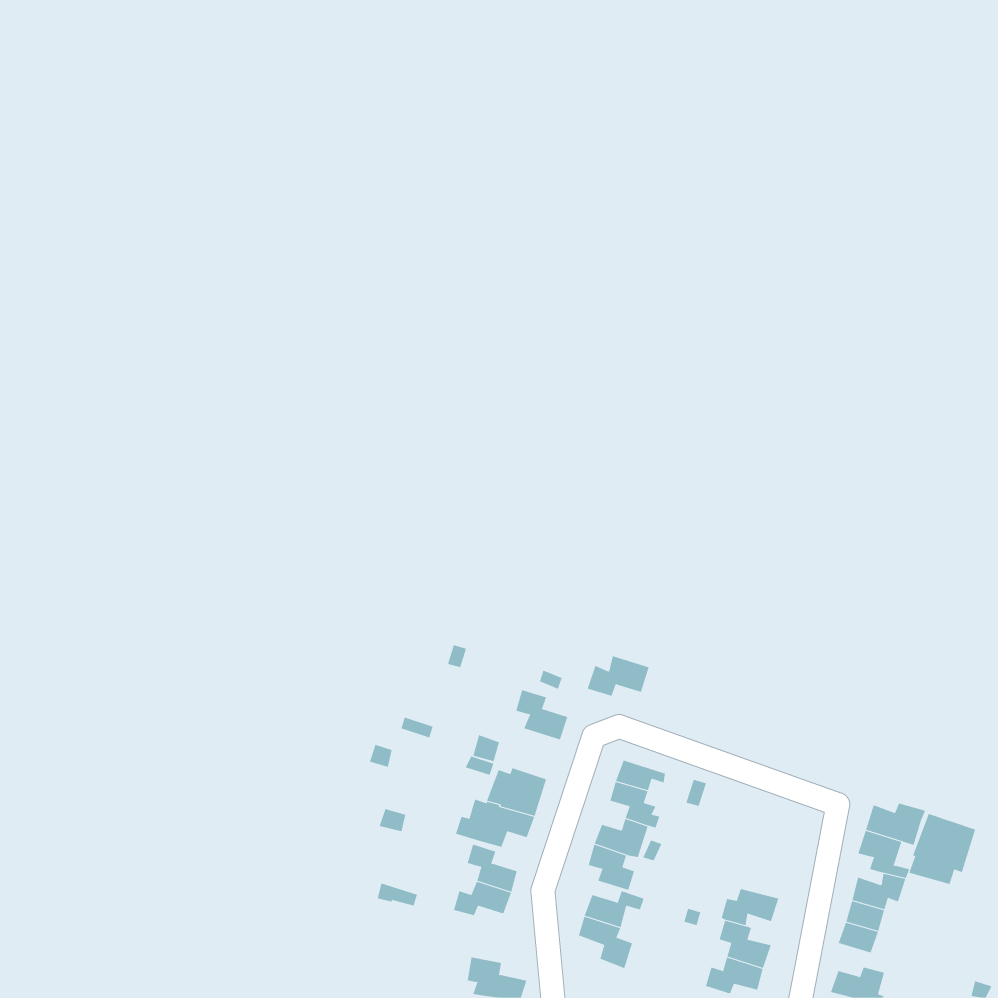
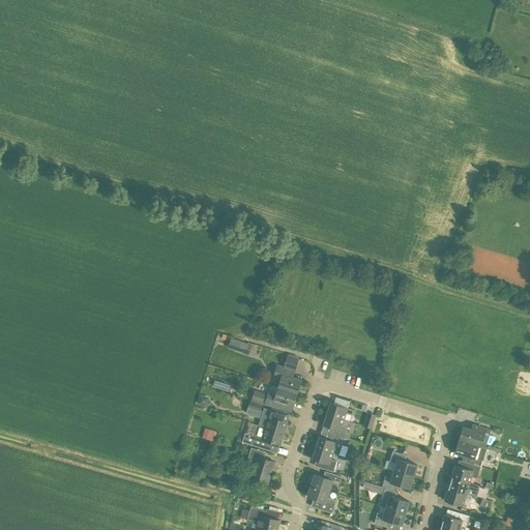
building: [587,655,649,696] -> [264,386,297,408]
building: [909,813,976,885] -> none
building: none -> [389,451,416,476]

